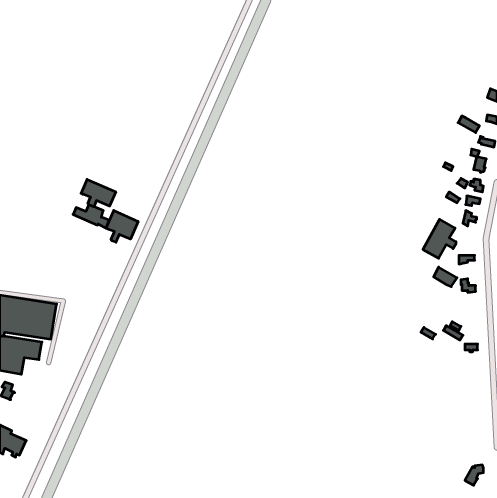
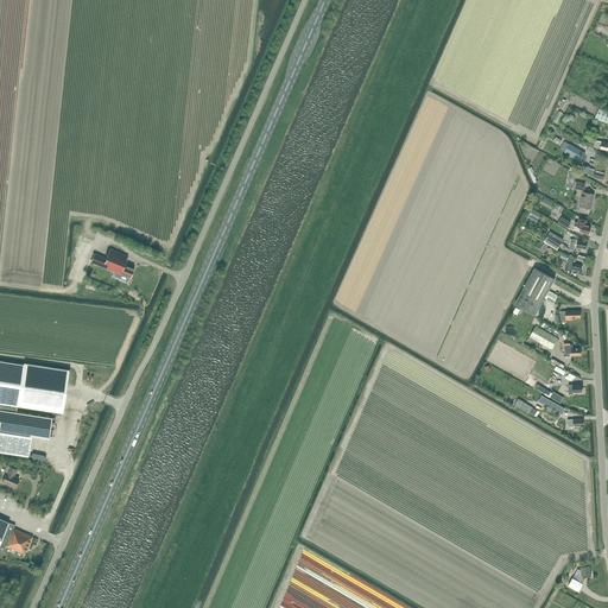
building: [81,179,116,207] -> none
building: [106,210,138,242] -> none

